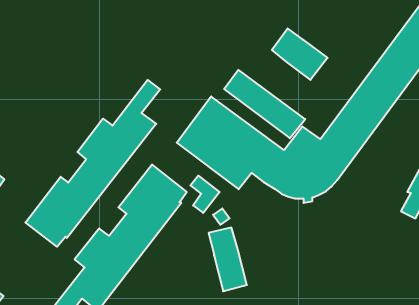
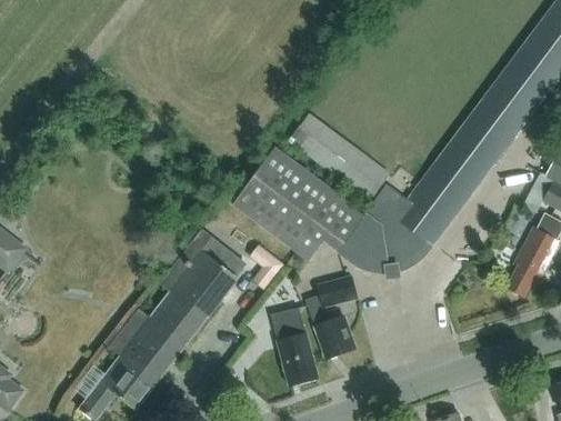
building: [272,28,328,80] -> none
building: [25,80,160,247] -> none
building: none -> [305,274,358,358]

